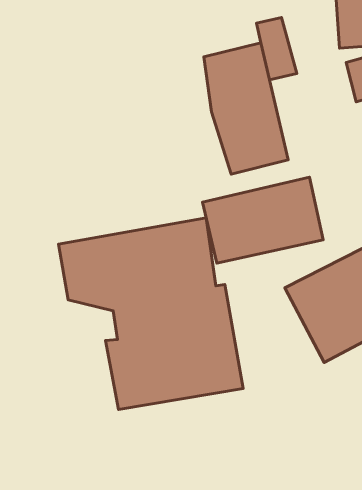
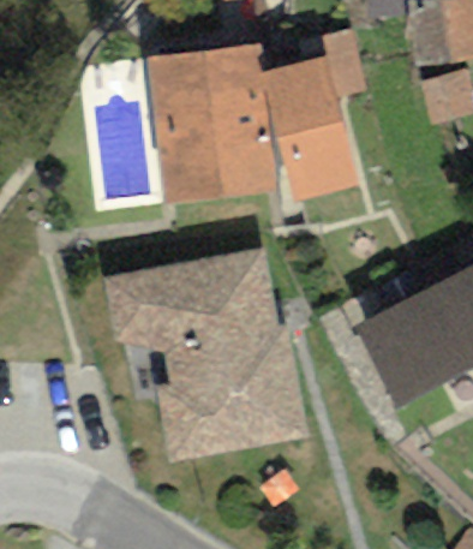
building: none -> [146,42,279,202]
building: [202,177,323,263] -> none

